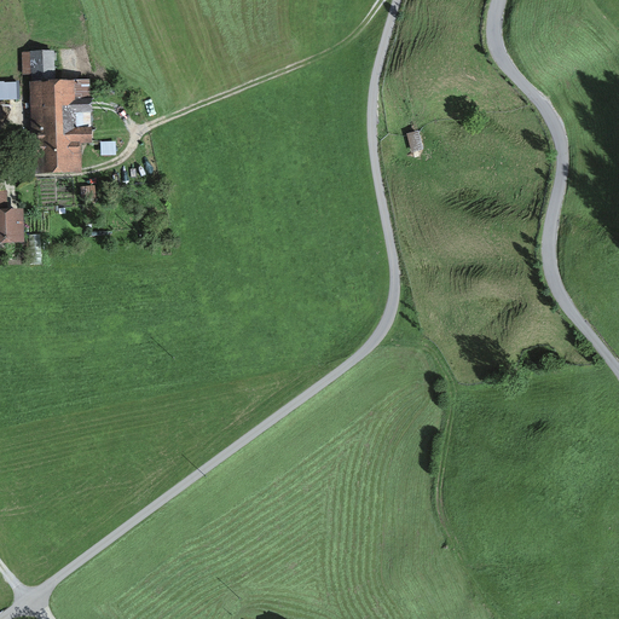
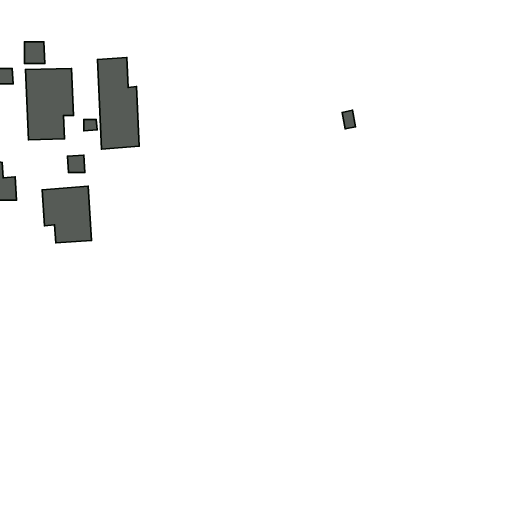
building: none -> [97,58,139,149]
building: none -> [42,186,92,243]

